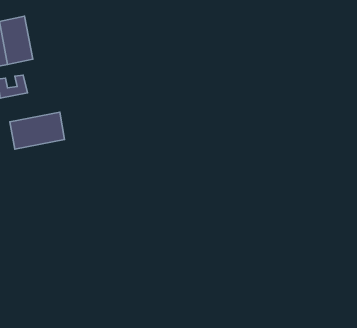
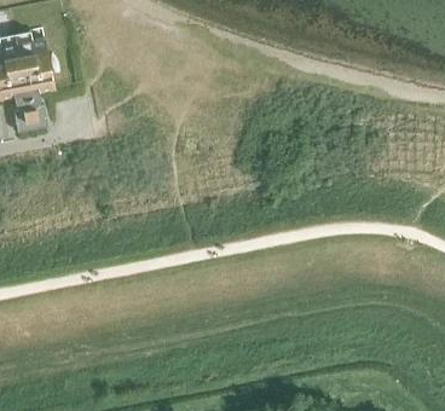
building: [10,112,65,149] -> none

